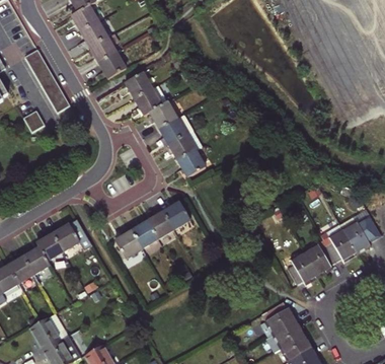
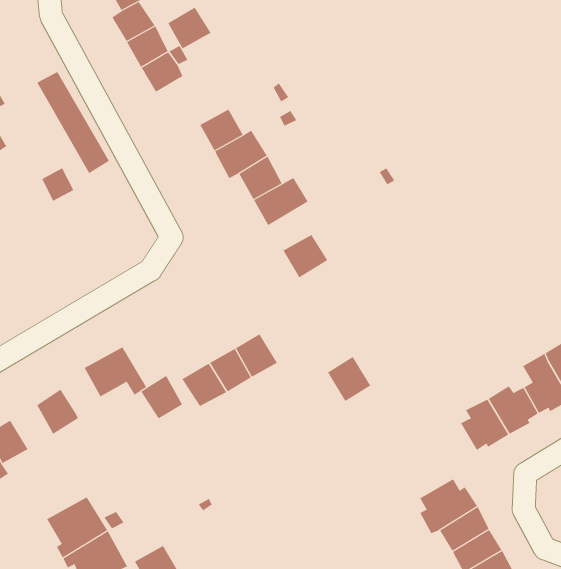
building: [98,52,126,78] -> [167,7,211,49]
building: [168,130,203,160] -> none
building: [163,202,190,230] -> [327,356,371,402]
building: [37,233,64,261] -> [140,375,183,419]
building: [8,257,34,284] -> none

